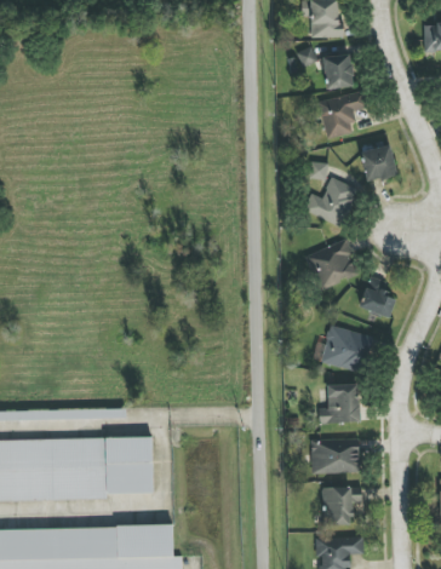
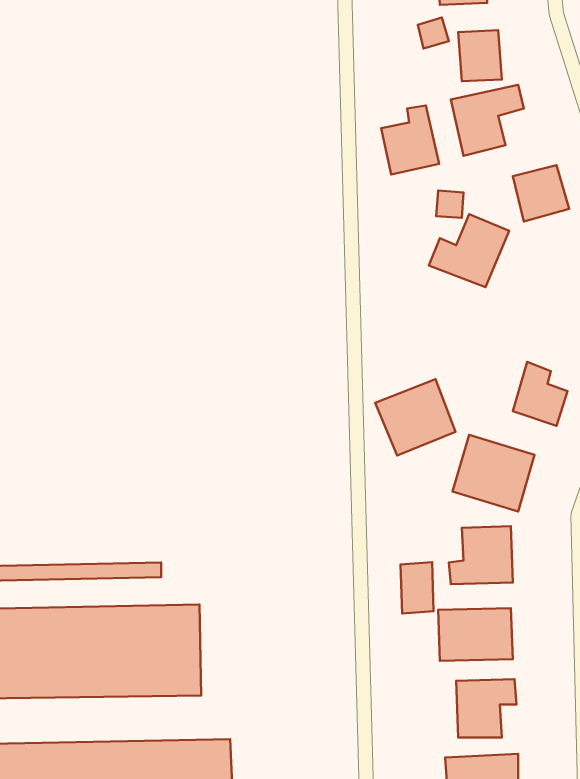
building: none -> [381,105,439,175]
building: [305,238,359,289] -> [375,379,455,456]
building: none -> [400,562,434,613]

